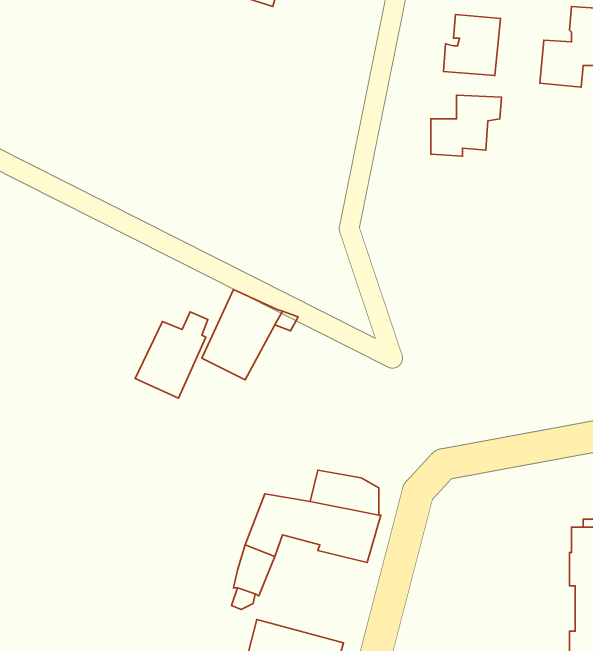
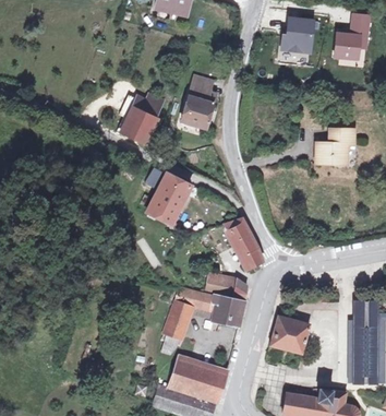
building: [431,95,502,156] -> [316,130,355,164]
building: none -> [180,76,214,130]
building: [135,312,208,398] -> [120,95,160,143]
building: none -> [225,218,262,266]
building: none -> [273,317,309,353]

